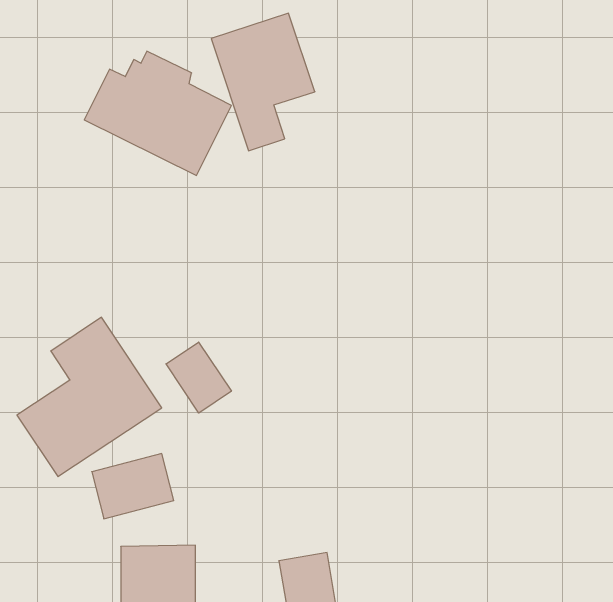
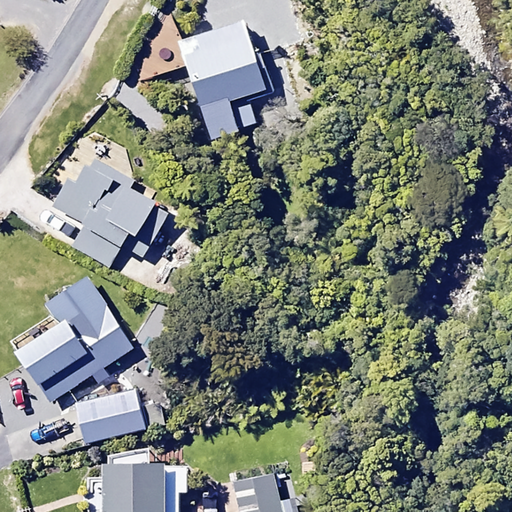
building: [84,51,231,175] -> [45,162,167,265]
building: [166,342,231,413] -> none

